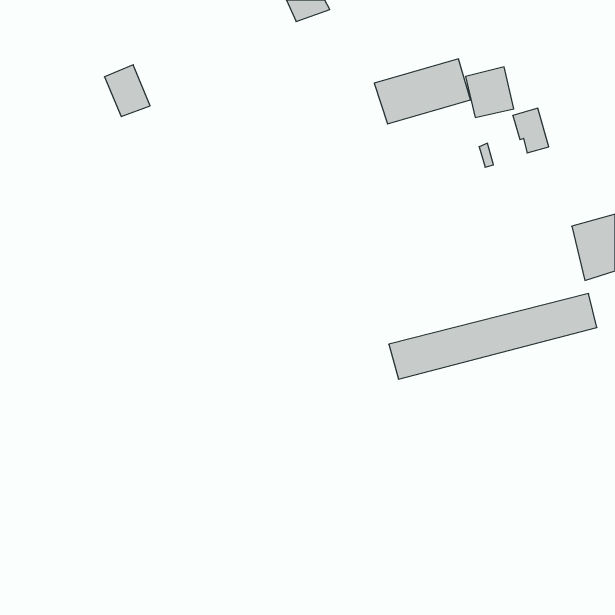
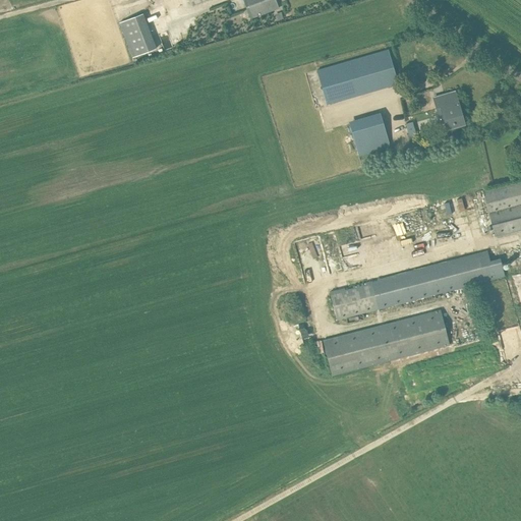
building: [104,65,150,117] -> [118,13,157,57]
building: [466,67,514,117] -> [350,112,391,155]
building: none -> [323,309,450,375]

